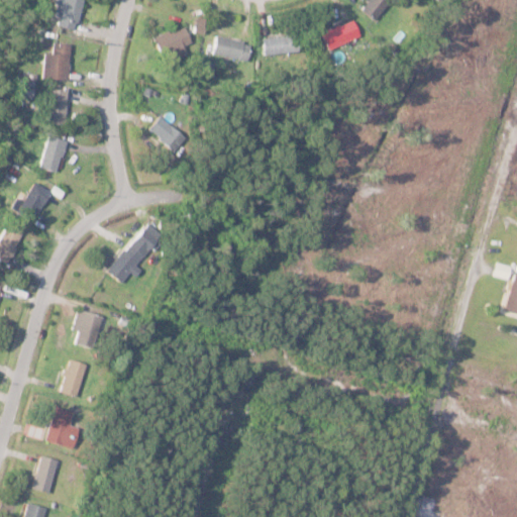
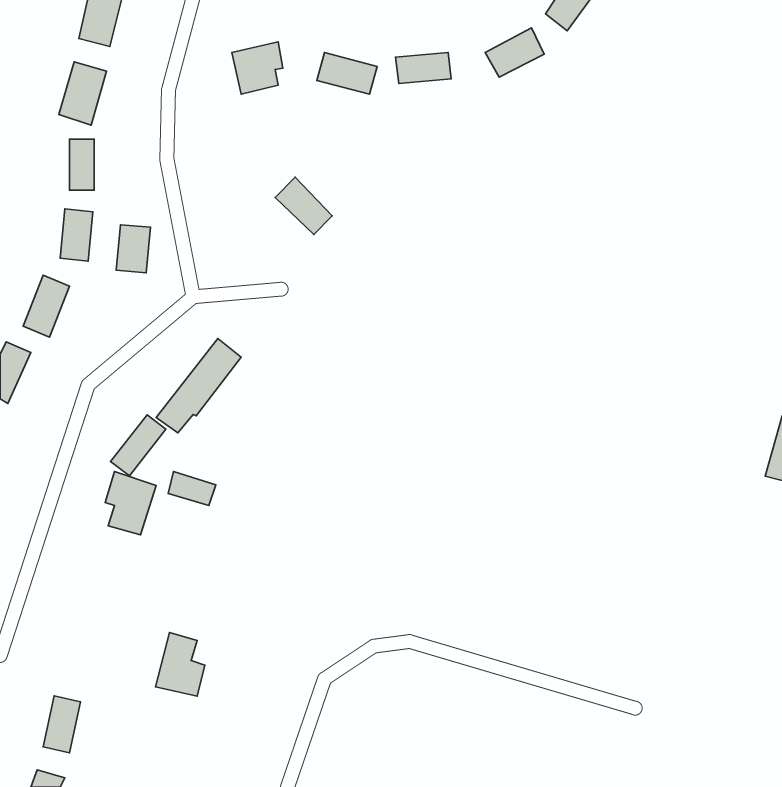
building: [148,115,186,152] -> [275,177,332,235]
building: none -> [116,225,150,273]
building: none -> [111,415,166,476]
building: none -> [168,472,216,506]
building: [60,358,88,396] -> none
building: [46,406,79,447] -> [155,633,205,696]

